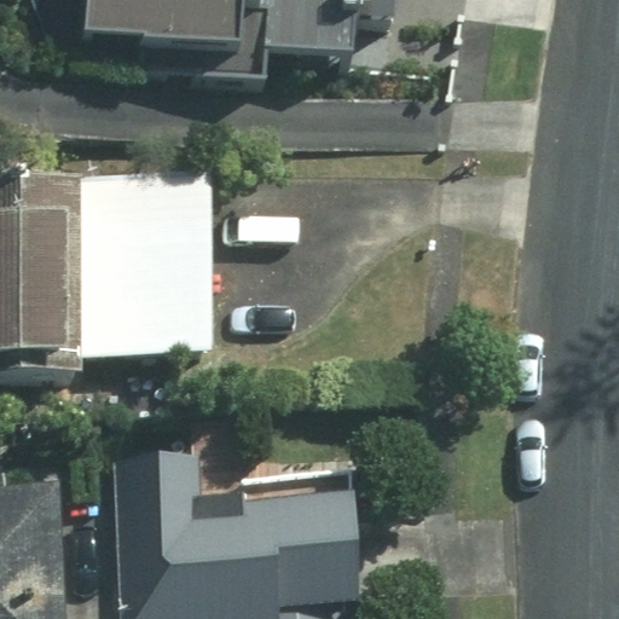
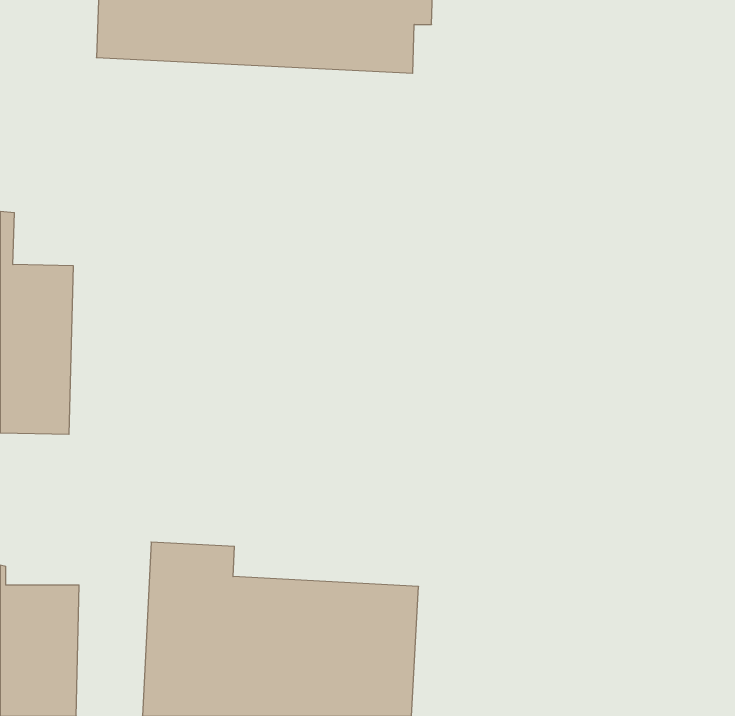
building: [75,172,209,357] -> none

